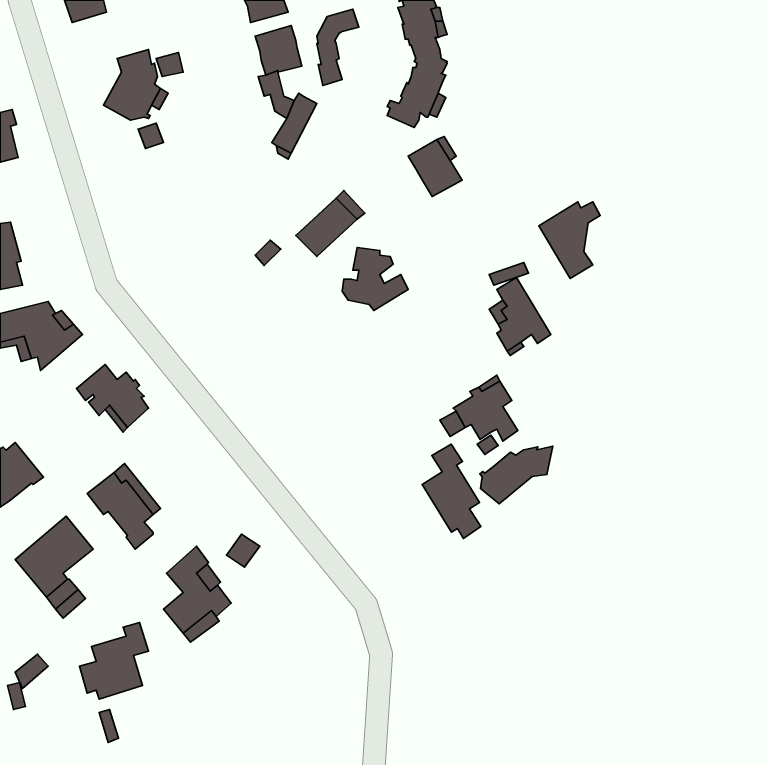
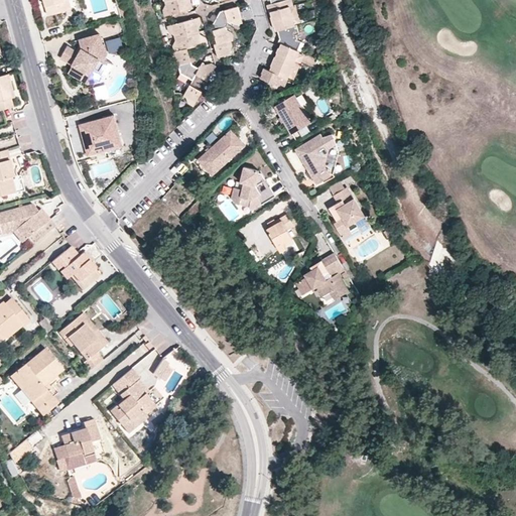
building: none -> [80,115,124,155]
building: [539,202,600,278] -> [294,132,336,183]
building: none -> [265,214,293,252]
building: [422,444,481,538] -> none
building: [480,446,553,504] -> none

